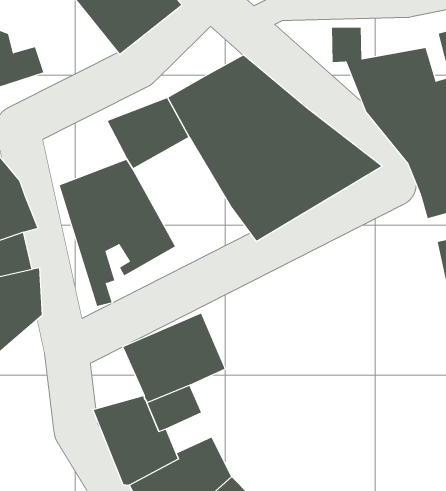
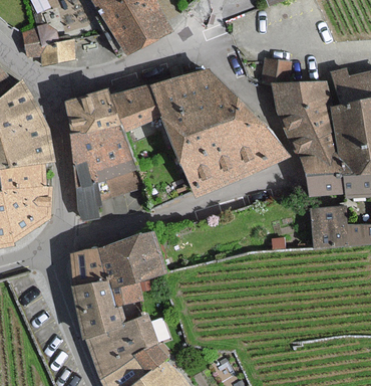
building: none -> [65,89,118,135]
building: none -> [70,247,105,285]

